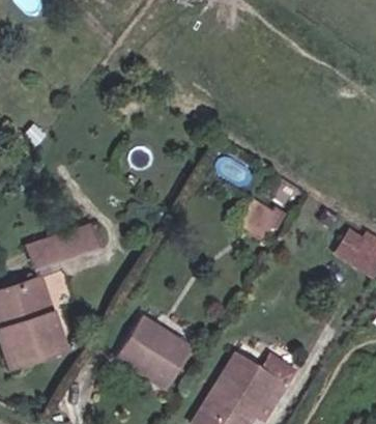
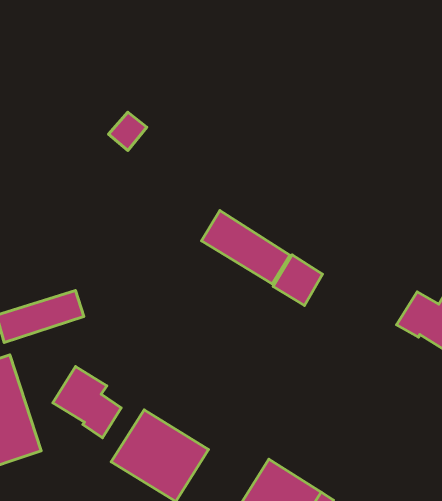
building: none -> [202,210,290,284]
building: none -> [53,367,121,438]

